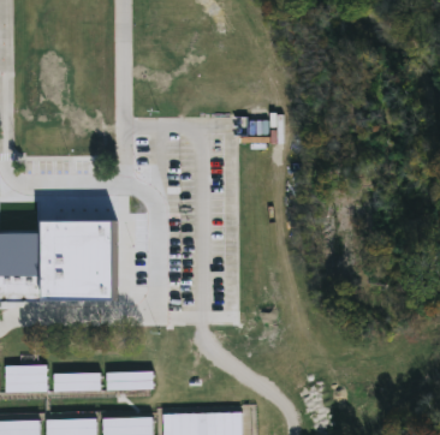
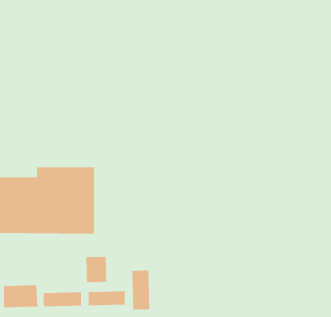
building: none -> [86,256,107,283]
building: none -> [132,269,150,310]

